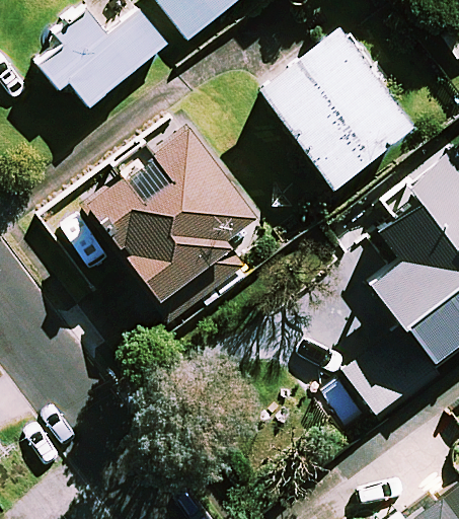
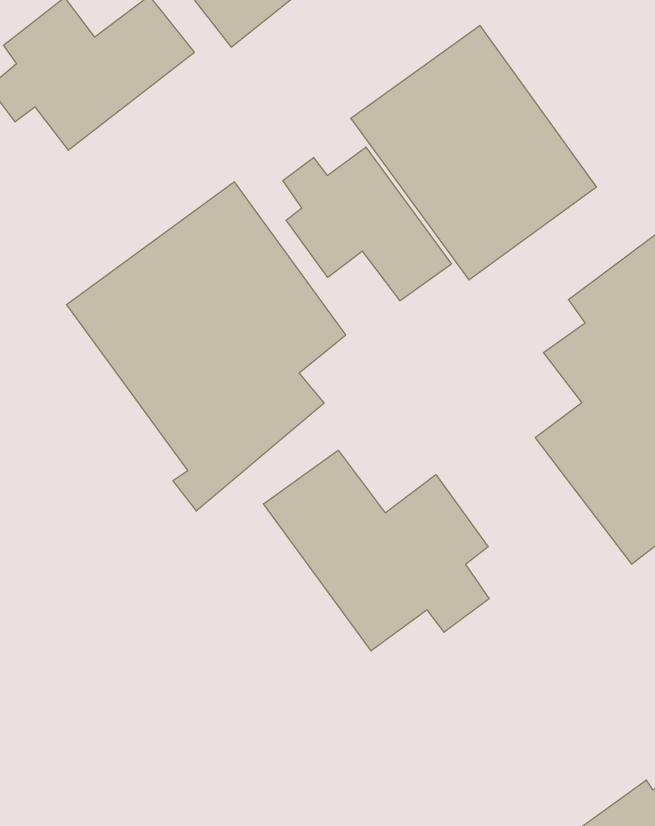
building: none -> [283,147,451,301]
building: none -> [263,450,489,651]

